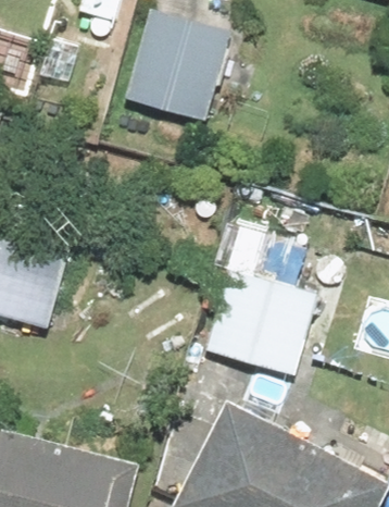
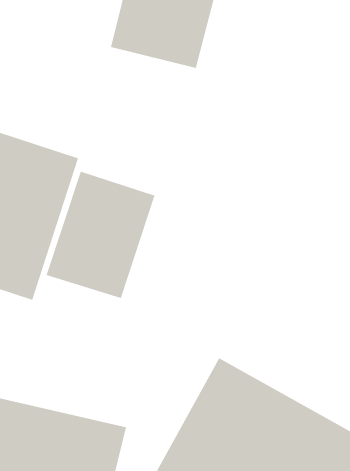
building: none -> [46,171,155,299]
building: [205,268,314,374] -> none

